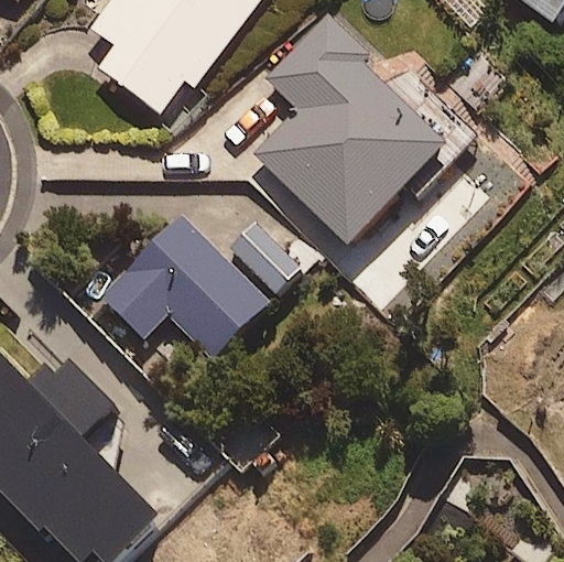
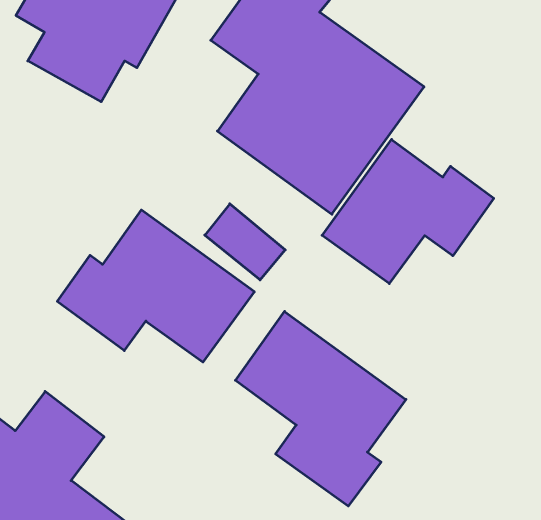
building: none -> [322,139,494,284]
building: none -> [235,311,406,506]

